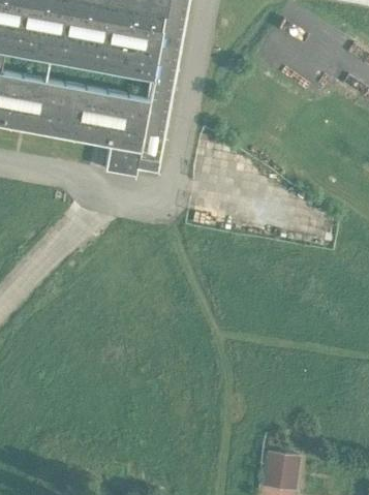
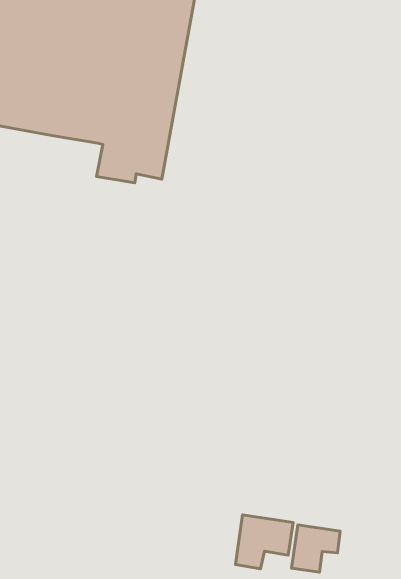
building: none -> [235,515,293,569]

